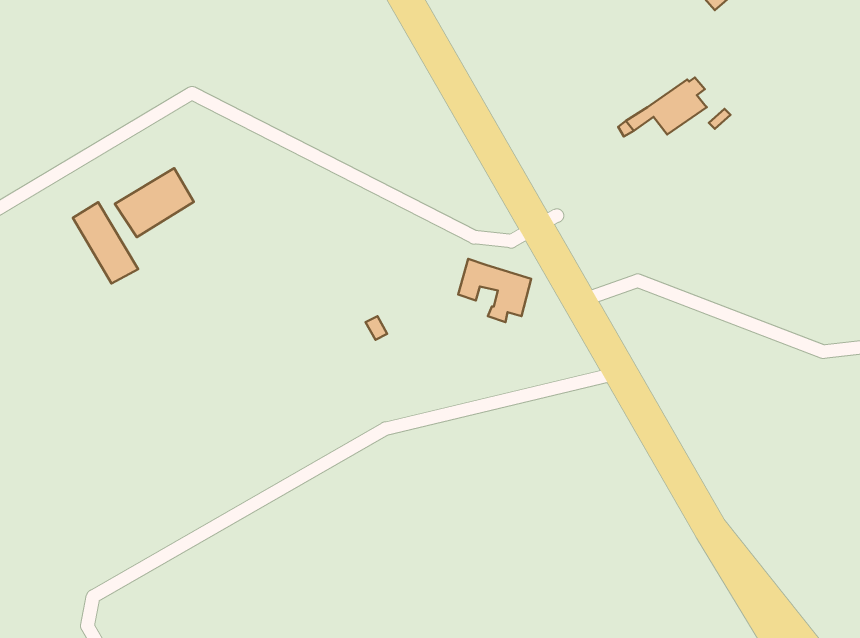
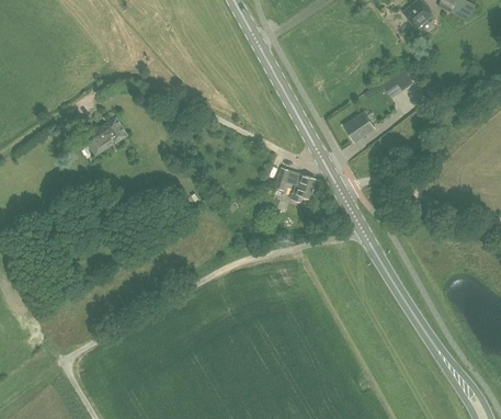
building: none -> [342,111,374,141]
building: [73,202,138,284] -> none

